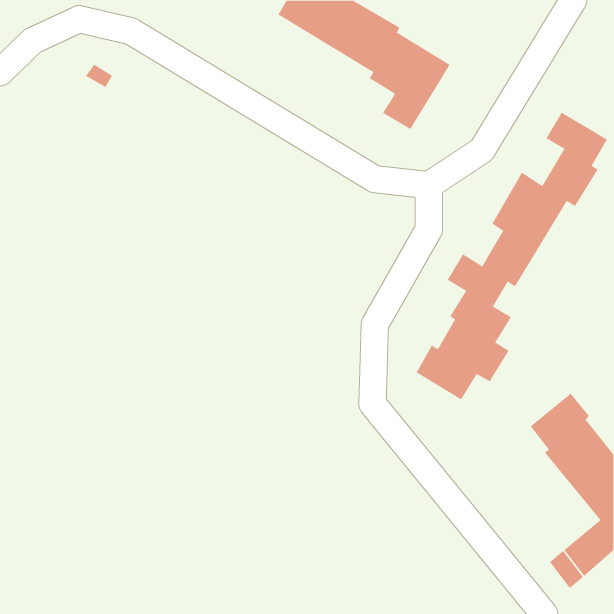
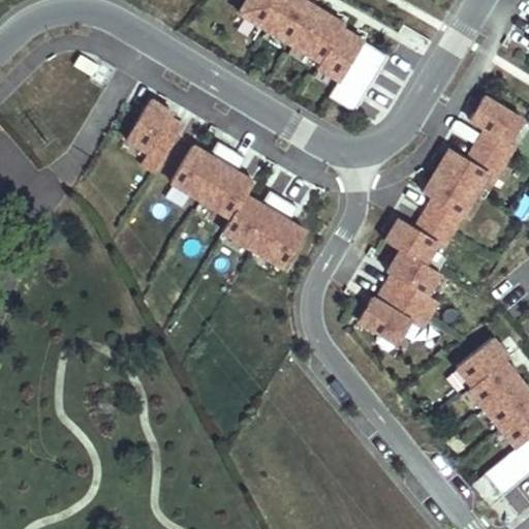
building: none -> [126,99,183,172]
building: none -> [170,142,306,268]

